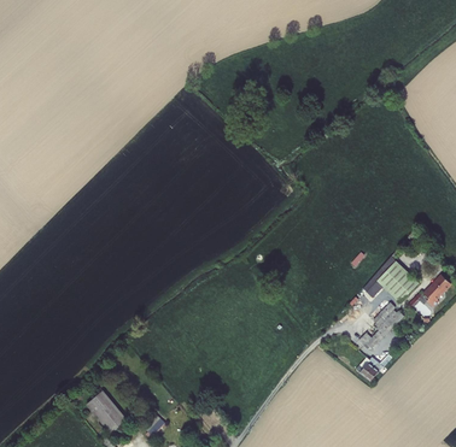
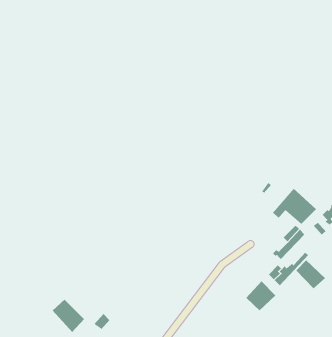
building: none -> [295,259,326,289]
building: none -> [245,280,276,311]

